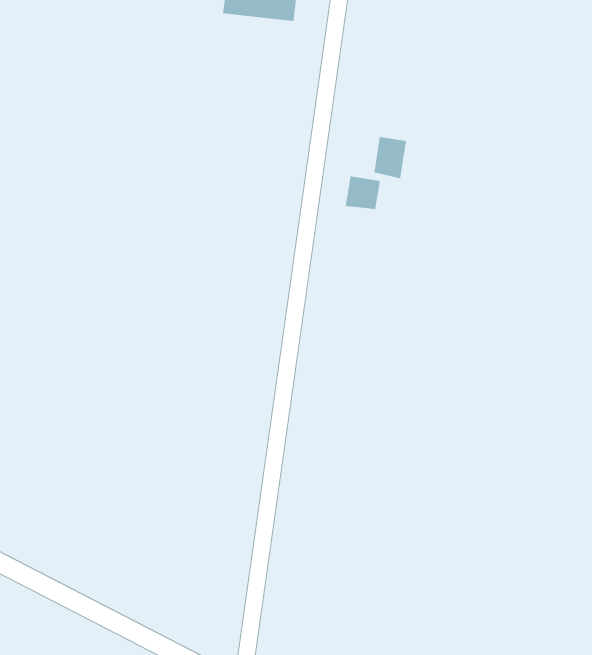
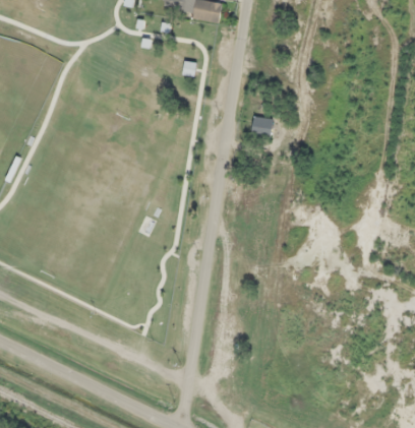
building: [373,136,407,179] -> none

